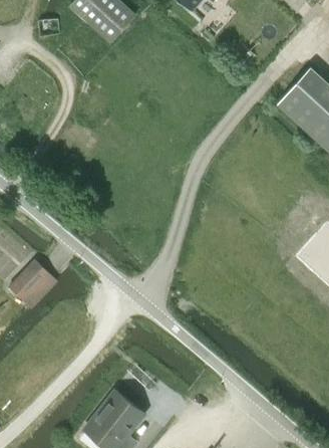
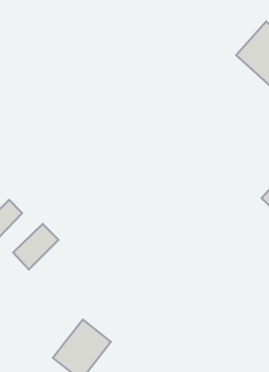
building: none -> [13,224,59,269]

